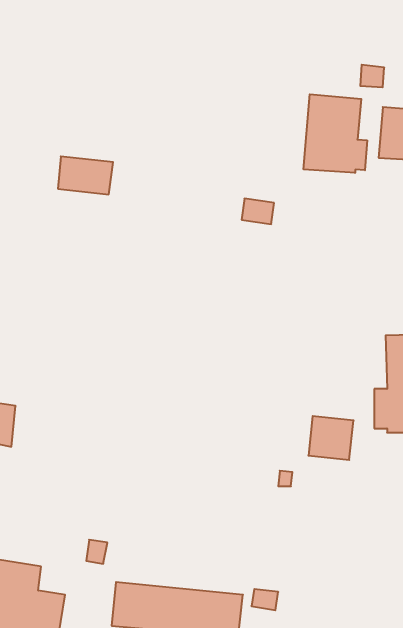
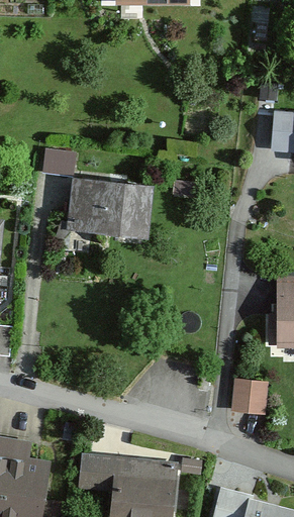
building: [304,94,367,173] -> none
building: none -> [69,179,150,234]
building: [308,416,354,460] -> [234,381,267,412]

